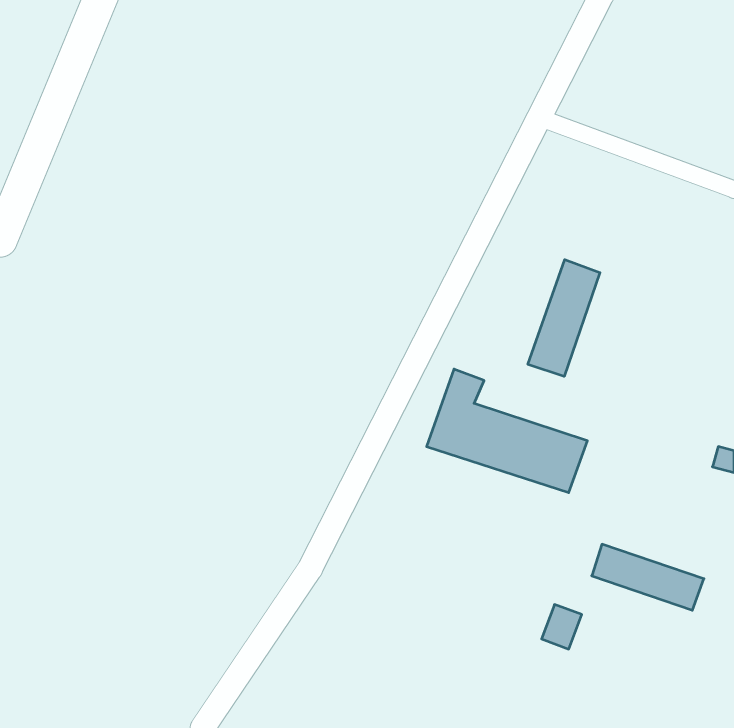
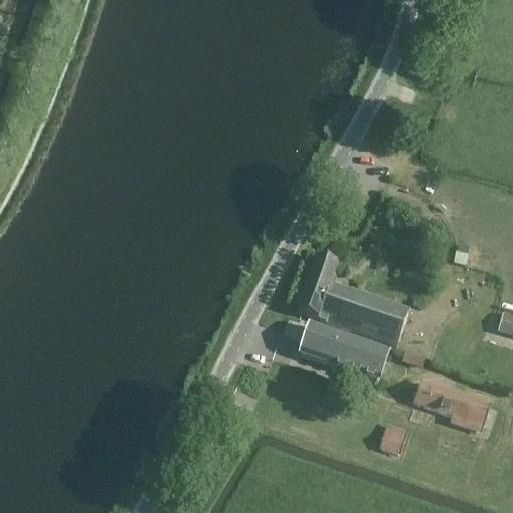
building: [528,260,600,376] -> none
building: none -> [300,324,388,380]

